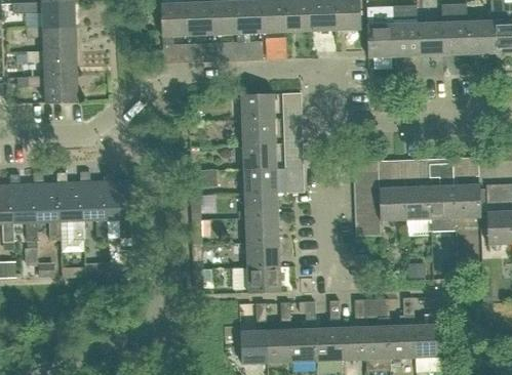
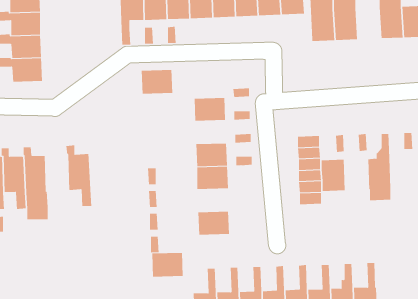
building: [417,22,443,56] -> none
building: [240,93,275,120] -> [141,70,173,94]
building: [242,143,277,169] -> none
building: [80,171,108,238] -> none
building: [454,183,479,218] -> none
building: [404,185,430,219] -> none
building: [244,217,279,243] -> none
building: [246,266,281,293] -> [151,252,184,277]

